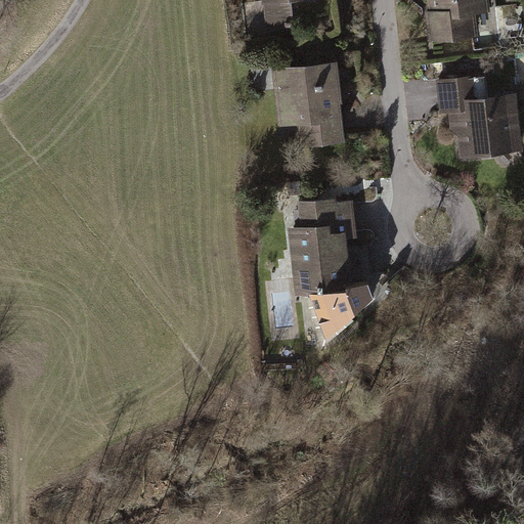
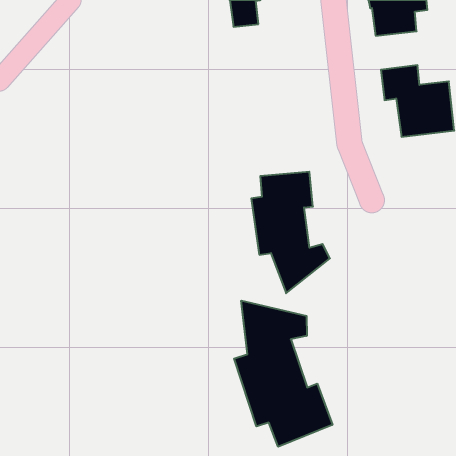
building: [271,61,346,145] -> none
building: none -> [234,301,332,447]

